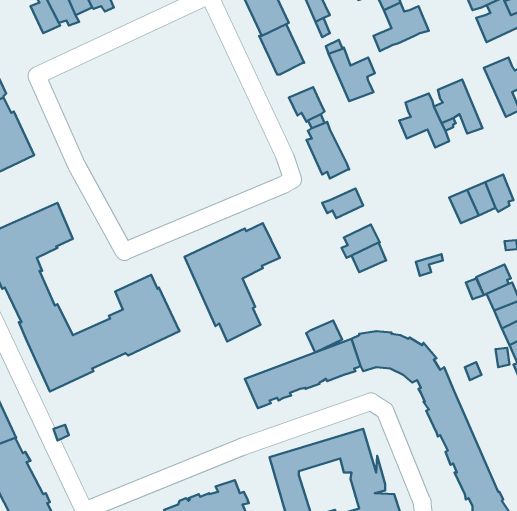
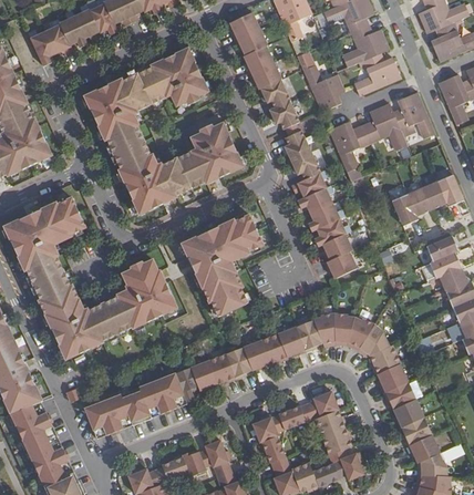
building: none -> [28,29,58,64]
building: none -> [82,49,241,216]
building: none -> [354,54,401,95]
building: none -> [261,78,291,105]
building: none -> [329,121,371,171]
building: none -> [291,169,328,196]
building: none -> [392,194,419,224]
building: none -> [309,200,341,230]
building: none -> [426,237,458,261]
building: [306,320,342,352] -> [327,249,358,277]
building: none -> [84,350,243,440]

